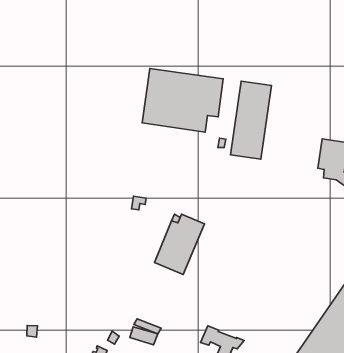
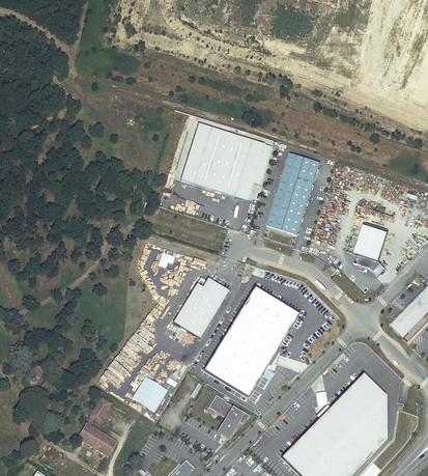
building: none -> [203,288,298,398]

